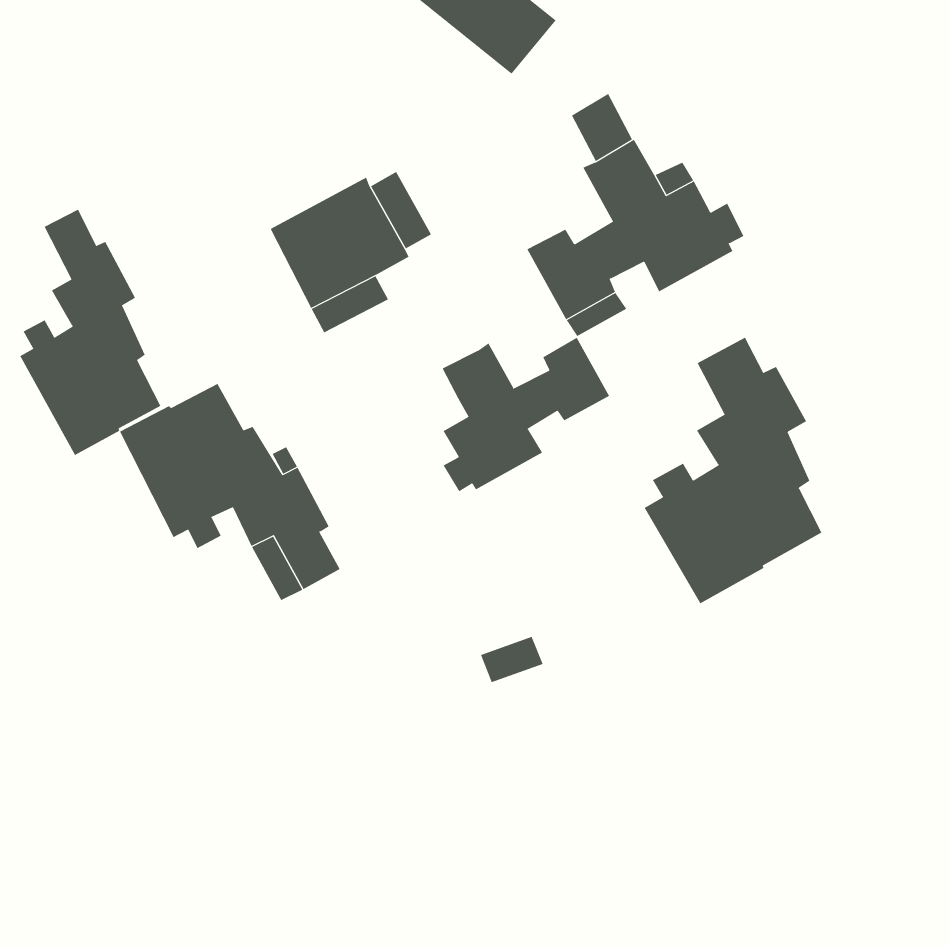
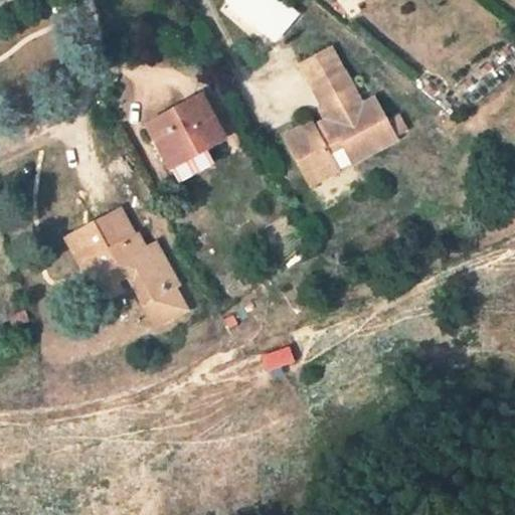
building: [19,209,161,456] -> none
building: [442,337,610,492] -> none
building: [644,337,822,604] -> none

